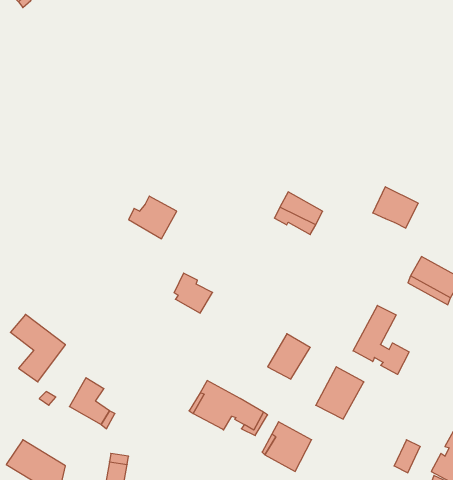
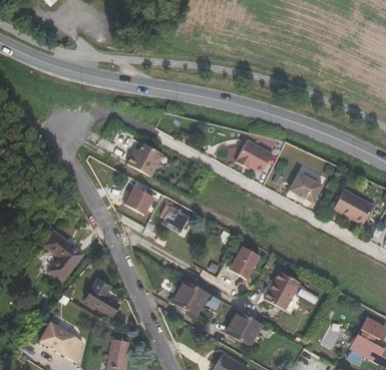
building: [373,187,418,228] -> [290,172,323,203]
building: none -> [124,187,154,215]
building: [353,305,409,374] -> none

